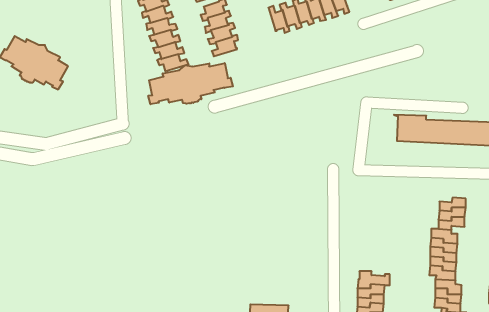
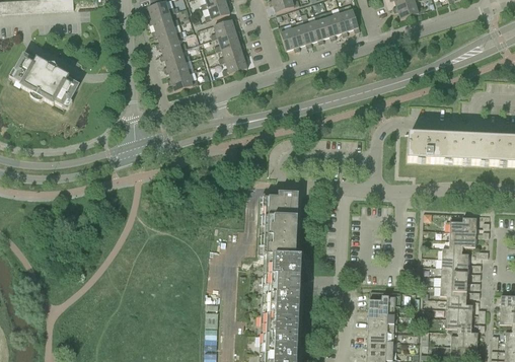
building: [148,63,233,104] -> none
building: none -> [258,192,309,324]

